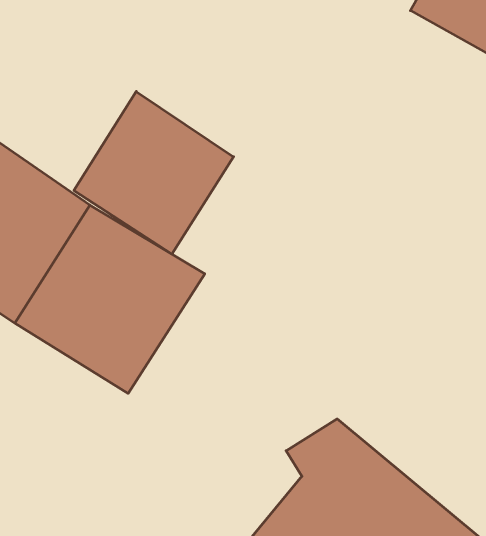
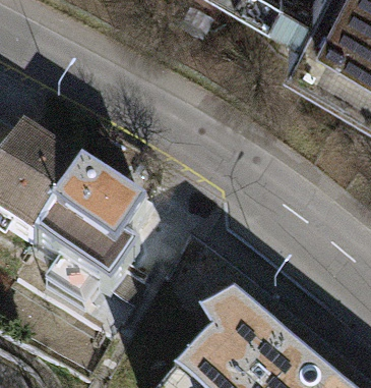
building: [74,91,234,254] -> none

